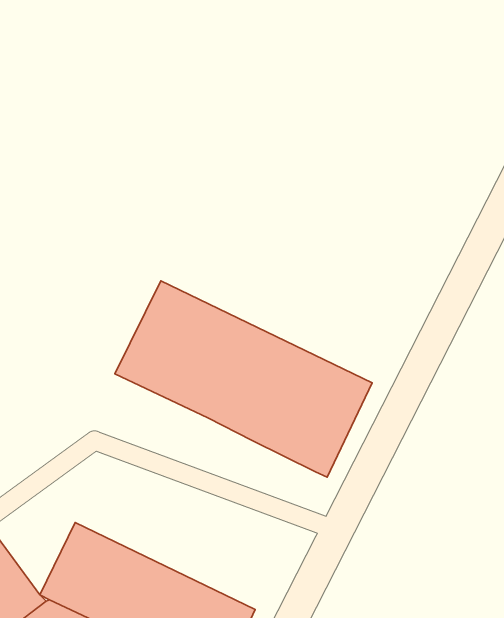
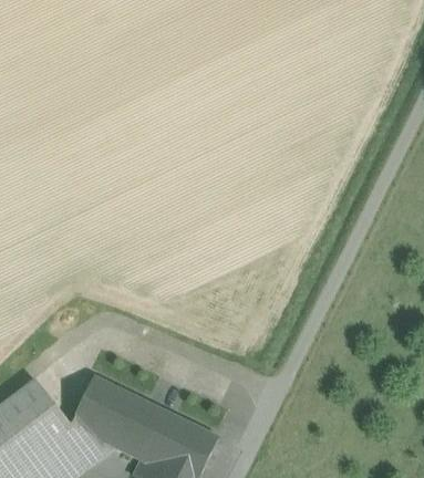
building: [115,281,372,477] -> none

